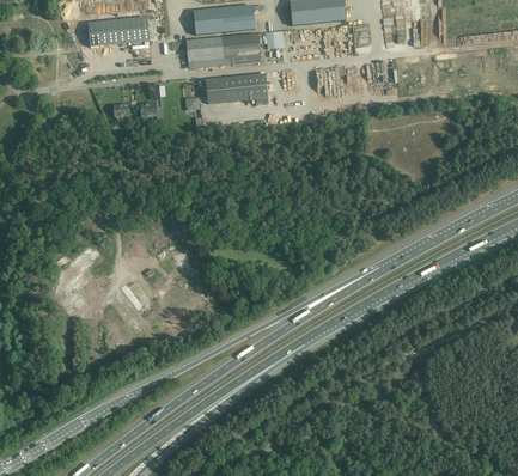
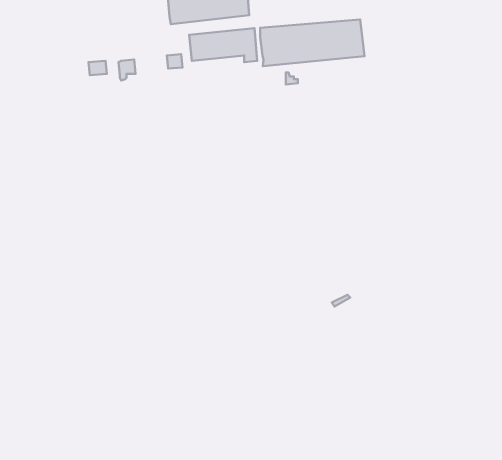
building: none -> [260,20,364,66]

